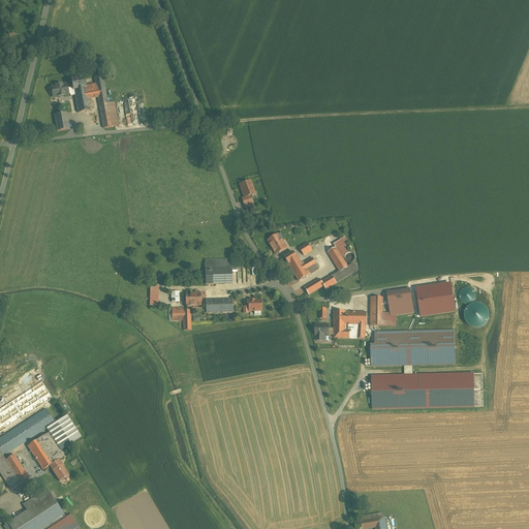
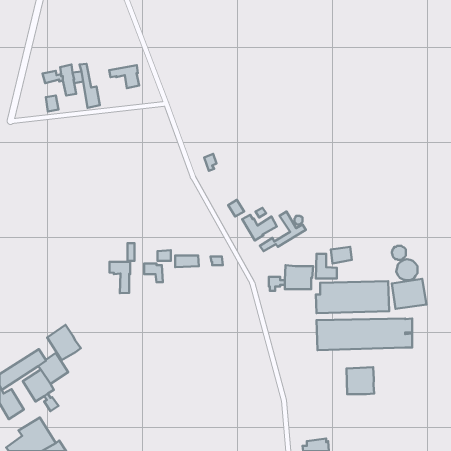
building: none -> [109,65,139,88]
building: [204,258,231,283] -> none
building: [417,281,458,316] -> [392,279,426,309]
building: none -> [109,262,130,293]
building: none -> [47,325,81,360]
building: none -> [347,367,374,394]

